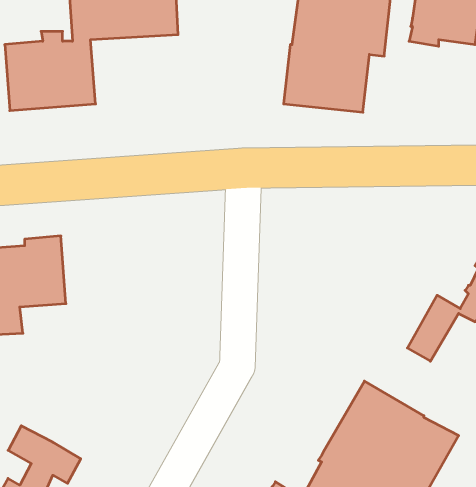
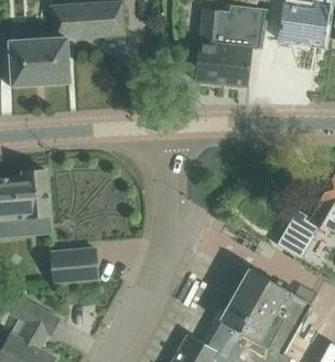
building: none -> [52,248,98,283]

